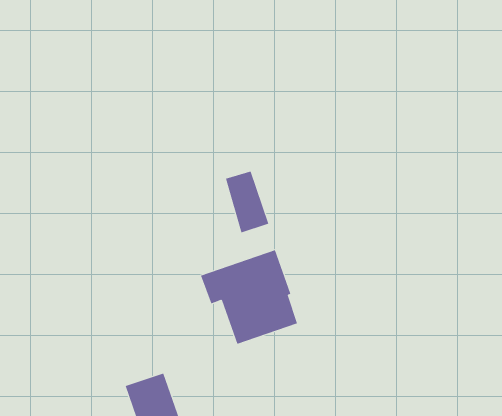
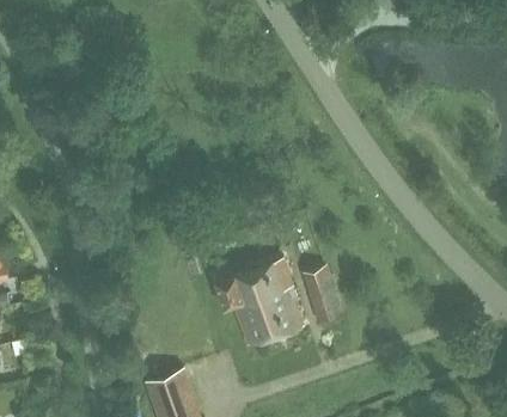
building: [225,171,269,233] -> [303,266,343,324]

